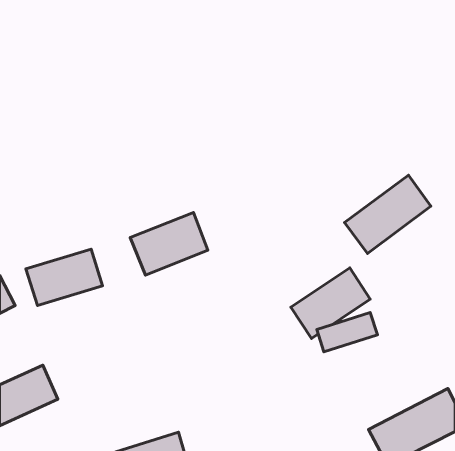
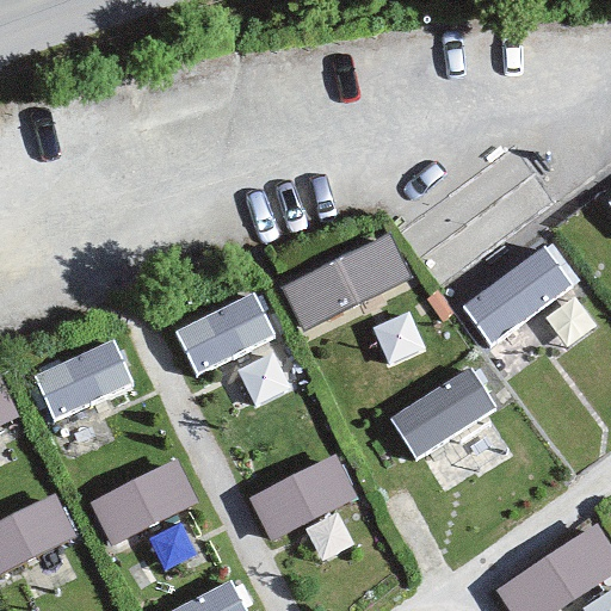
building: none -> [282,234,414,334]
building: none -> [92,456,199,547]
building: none -> [252,458,356,535]

